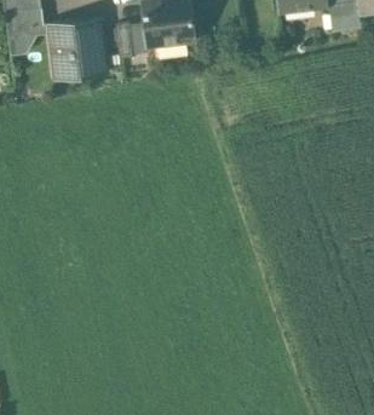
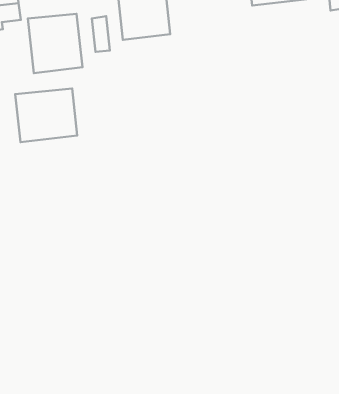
building: none -> [15,89,77,142]

